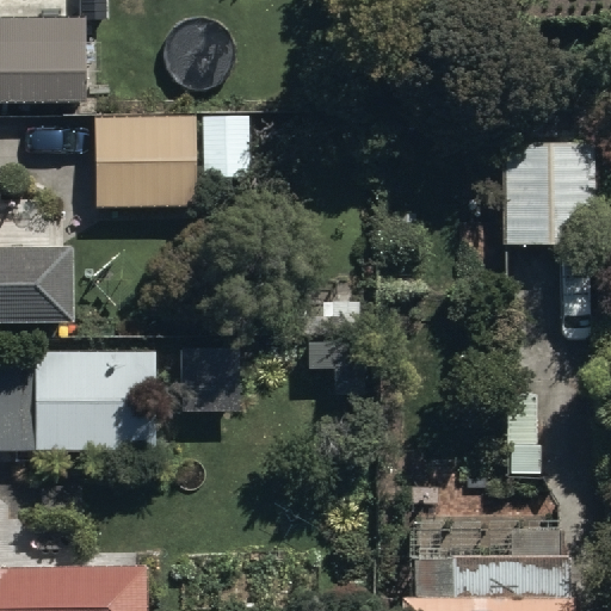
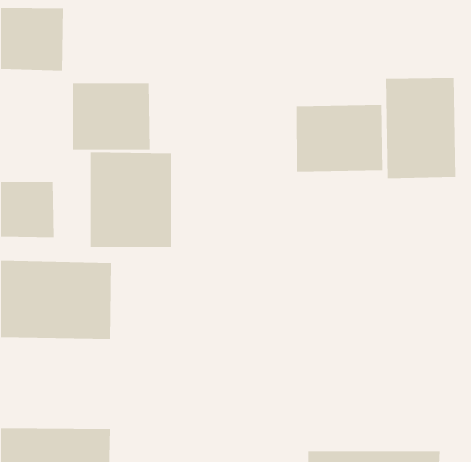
building: none -> [296,104,383,172]
building: none -> [90,152,171,248]

